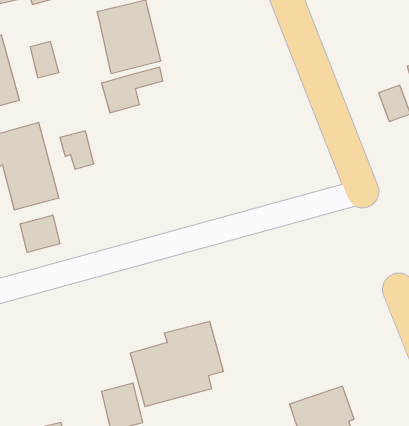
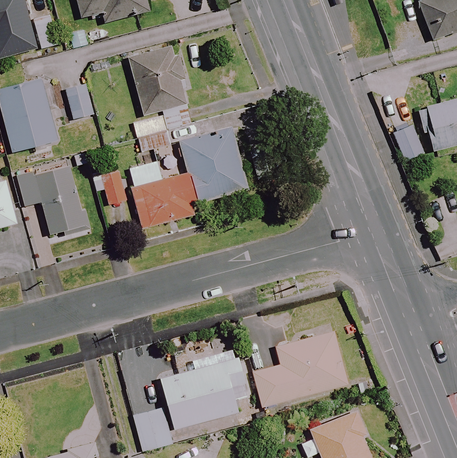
building: none -> [127,126,247,228]
building: [20,215,60,252] -> none
building: none -> [253,331,347,406]

